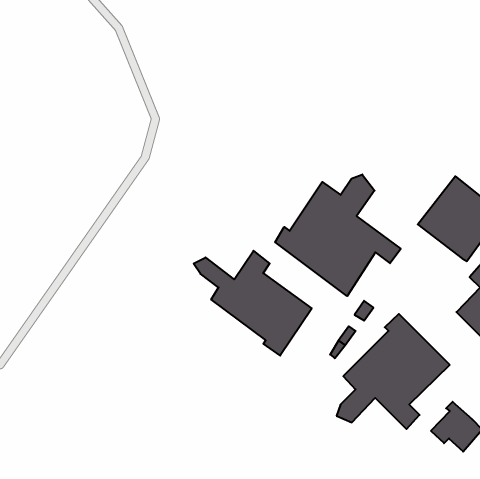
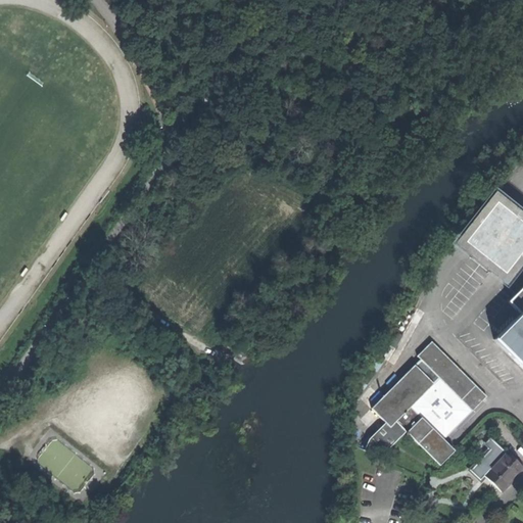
building: [275,174,401,296] -> none
building: [194,251,312,356] -> none

